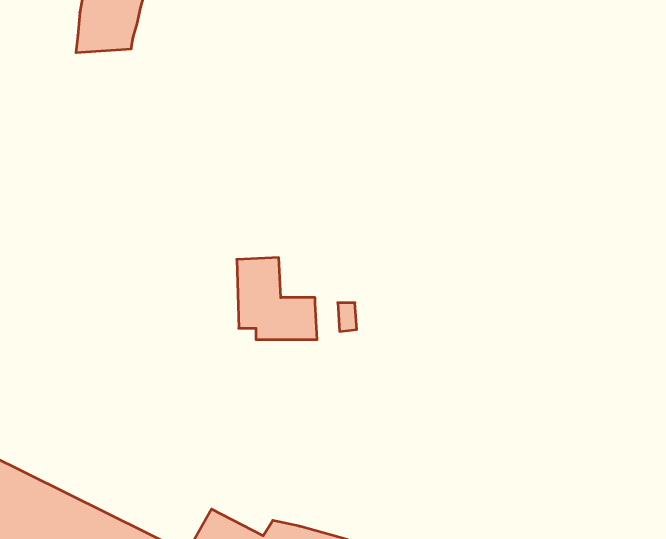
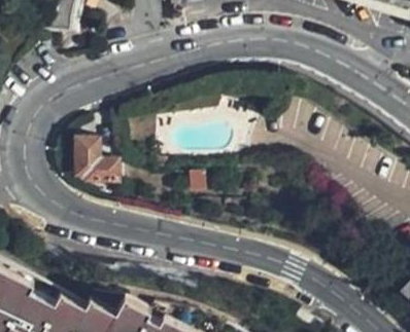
building: [237,258,317,340] -> [74,141,117,185]

